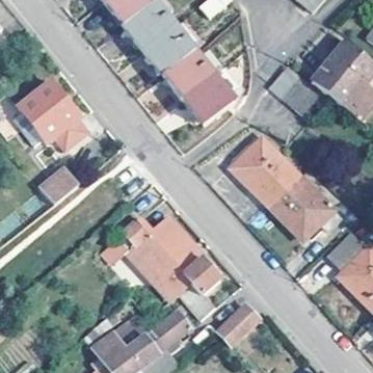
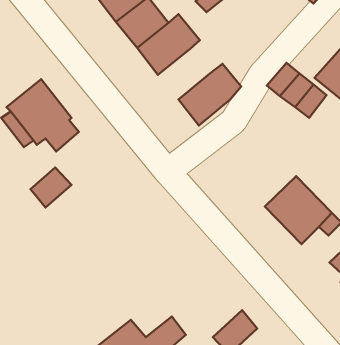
building: [163,52,213,101] -> none
building: [231,136,296,204] -> none
building: [117,218,219,318] -> none

